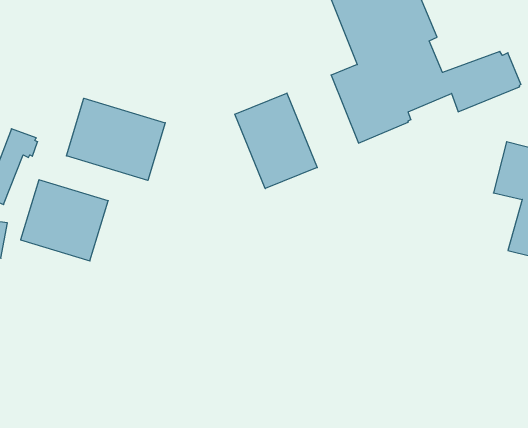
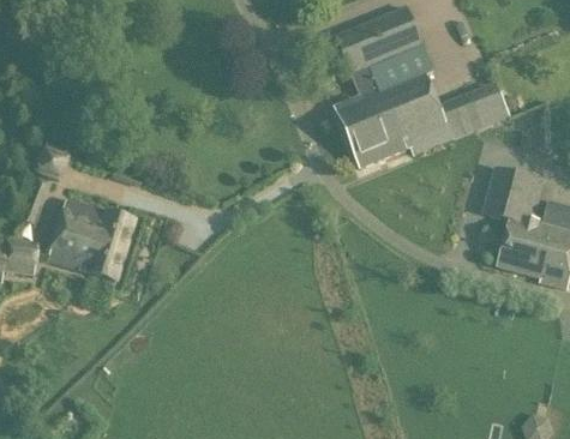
building: [235,93,317,189] -> none
building: [66,98,165,180] -> none

